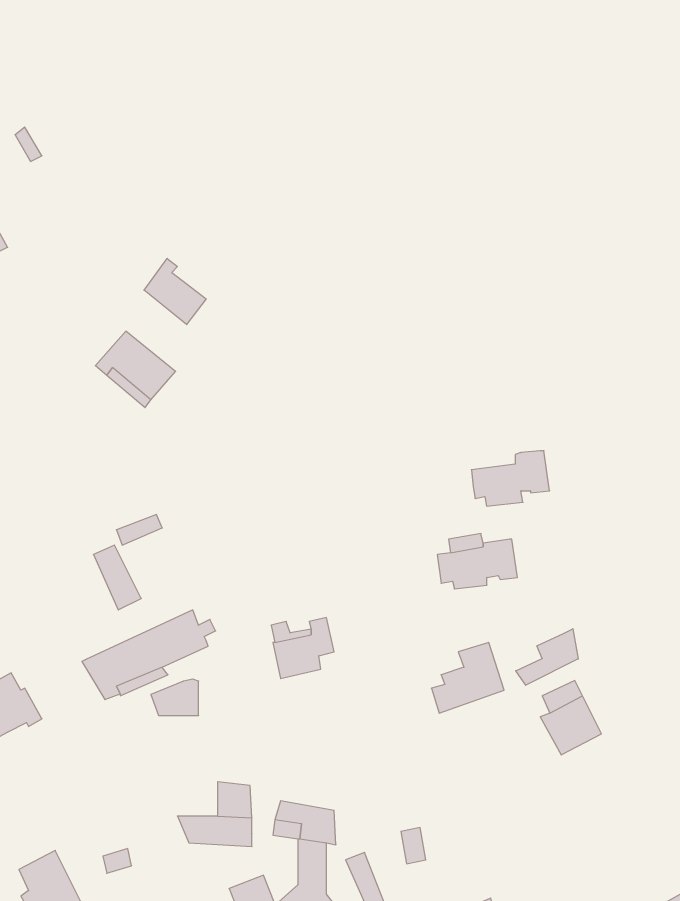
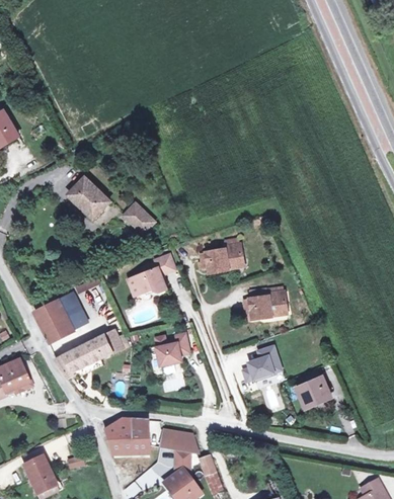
building: [144,258,206,325] -> none
building: none -> [121,204,154,235]
building: [471,451,550,506] -> [203,242,244,271]
building: none -> [130,253,176,295]
building: none -> [36,295,76,339]
building: [516,629,578,685] -> none
building: [151,679,199,715] -> [103,418,129,437]

